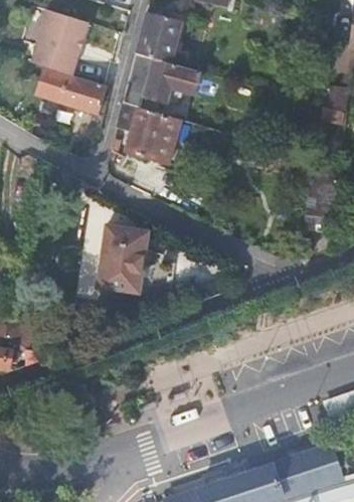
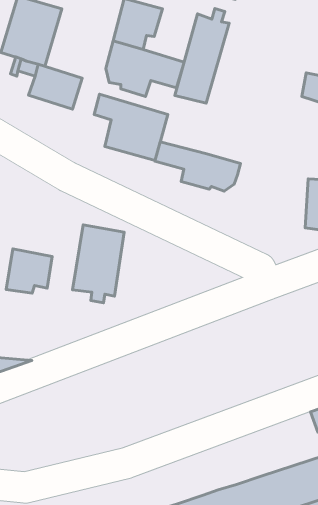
building: none -> [175,9,229,103]
building: none -> [155,142,241,191]
building: none -> [6,249,52,293]

